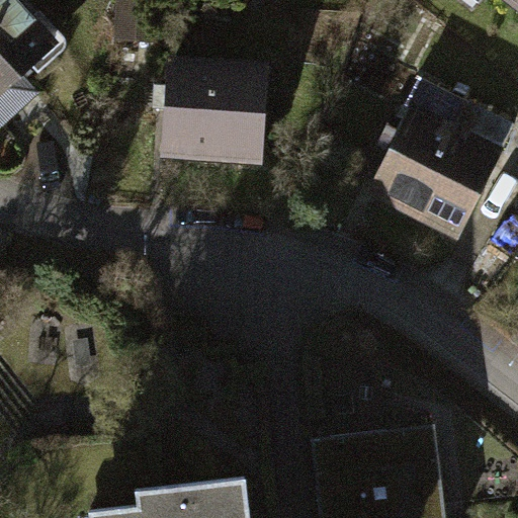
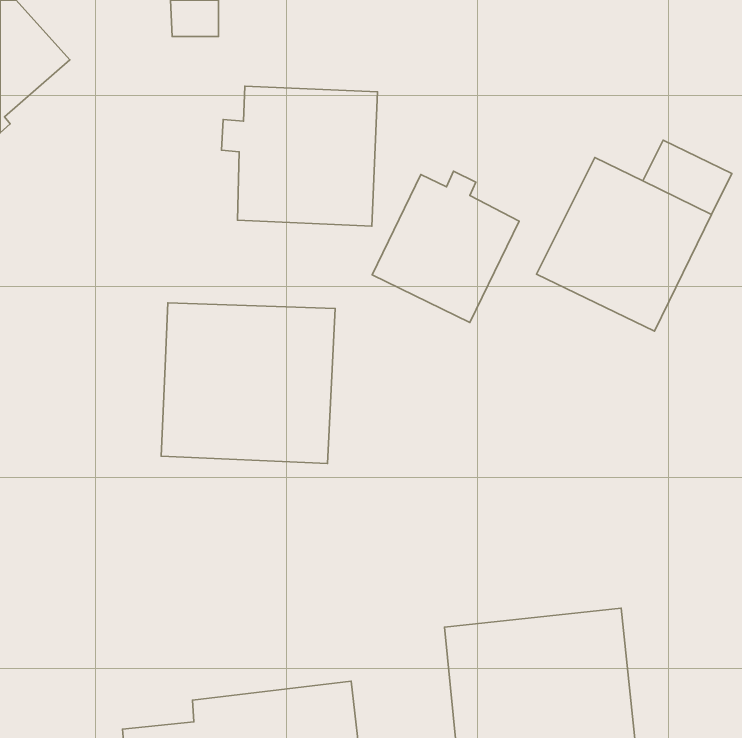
building: none -> [372,171,519,322]
building: none -> [161,303,335,464]

